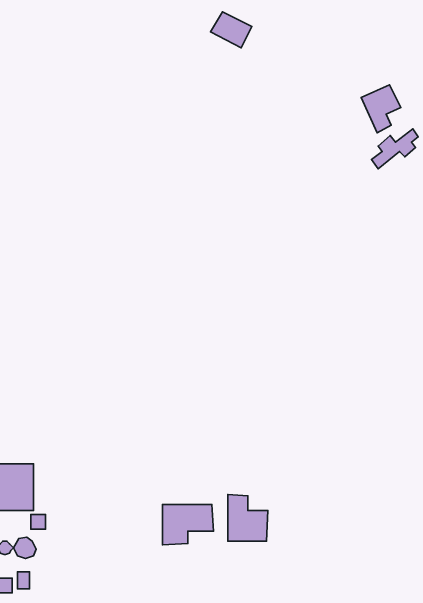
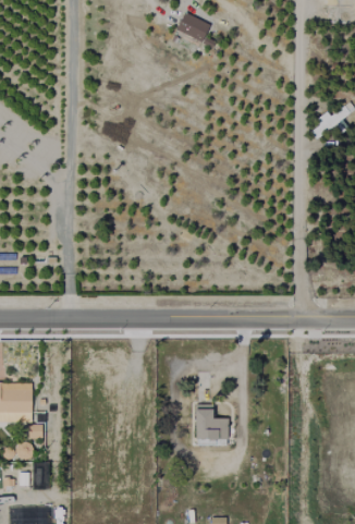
building: [361,85,401,133] -> none
building: [163,505,213,545] -> none

